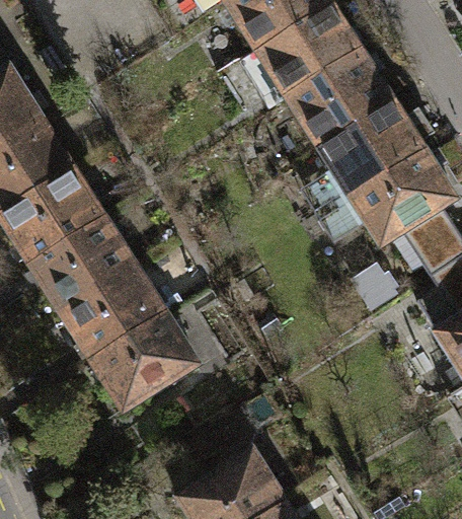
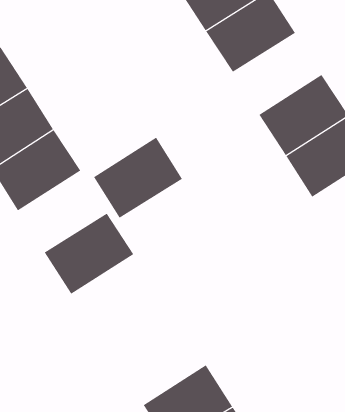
building: [285,48,392,146] -> none
building: [27,213,135,311] -> [93,137,183,219]
building: [91,313,199,412] -> none

